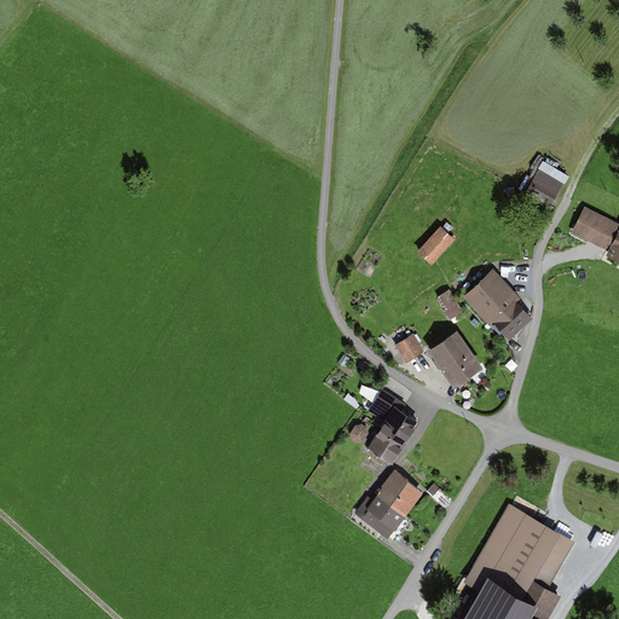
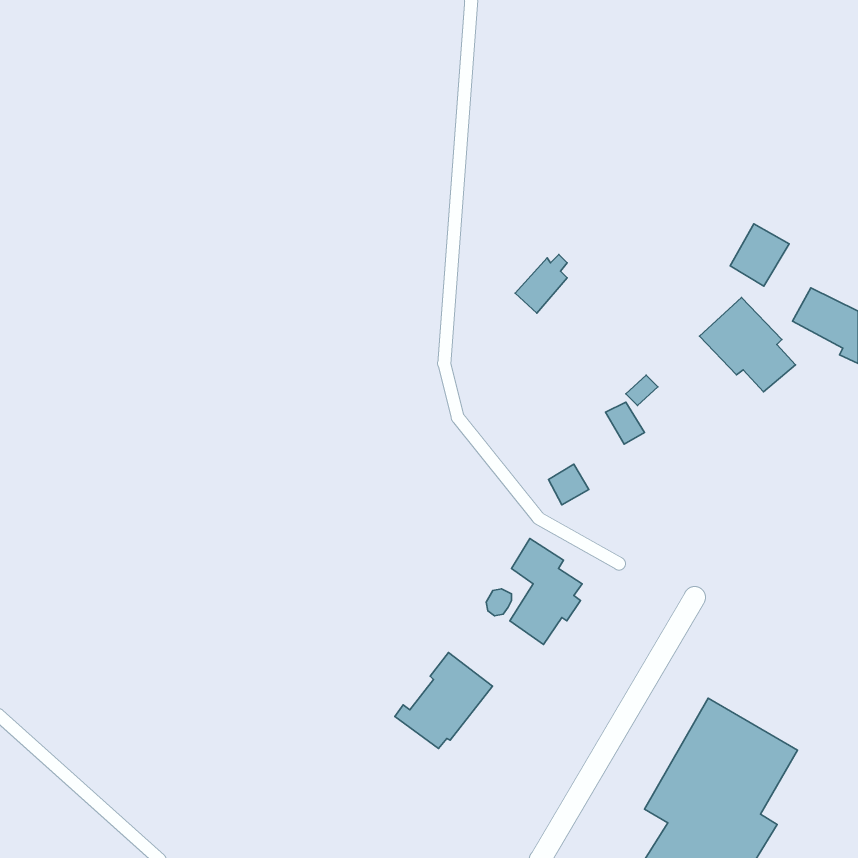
building: [416,222,453,265] -> [515,254,567,313]
building: [462,270,531,337] -> [699,297,795,392]
building: [428,330,482,388] -> none
building: [354,469,424,538] -> [395,653,492,748]

